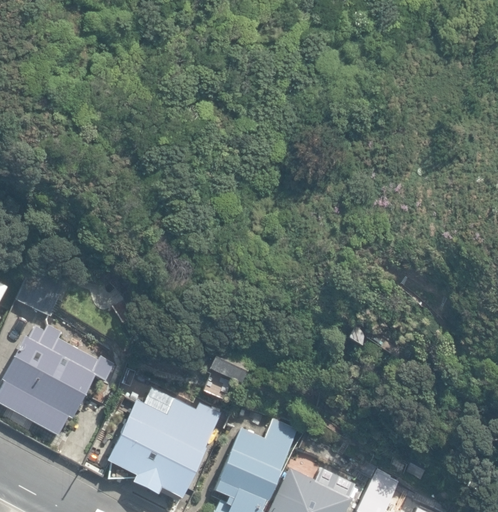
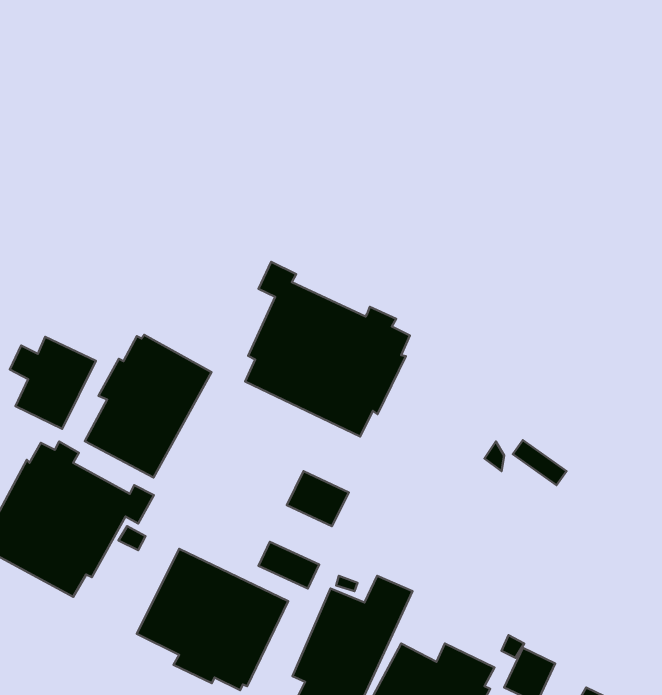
building: none -> [245,262,410,436]
building: none -> [85,335,212,477]

